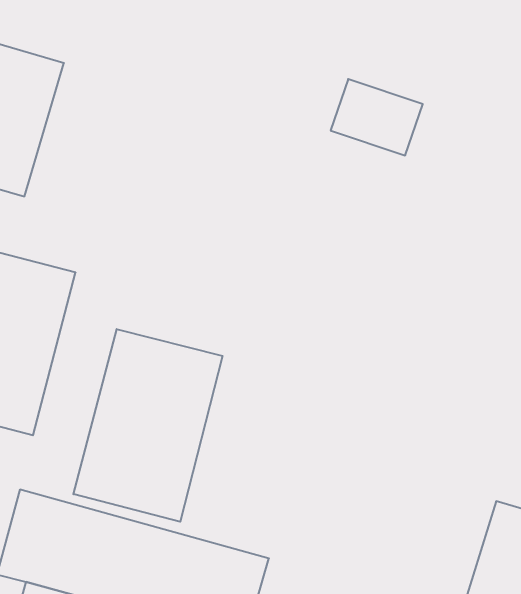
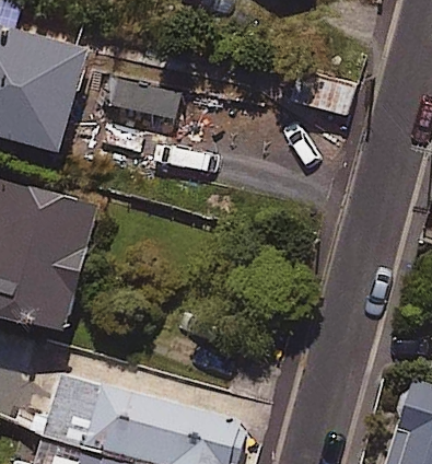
building: [73,329,223,522] -> none

